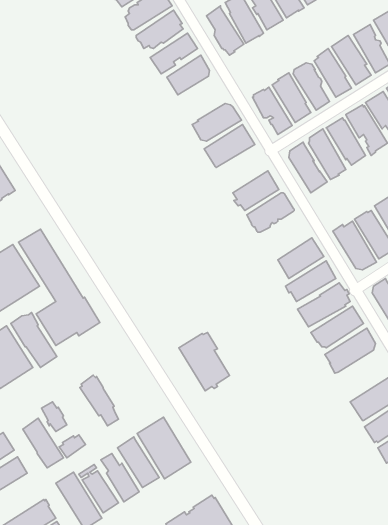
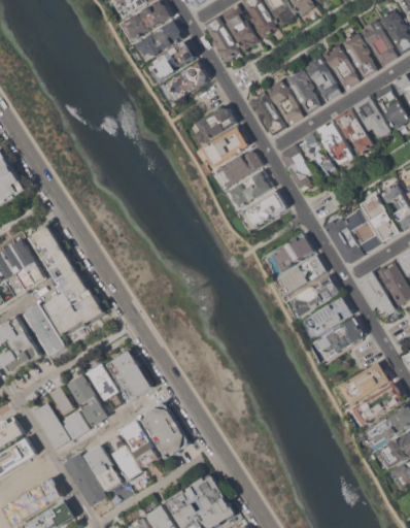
building: none -> [214,150,262,188]
building: [179,332,229,391] -> [105,346,152,401]
building: none -> [66,374,108,427]

